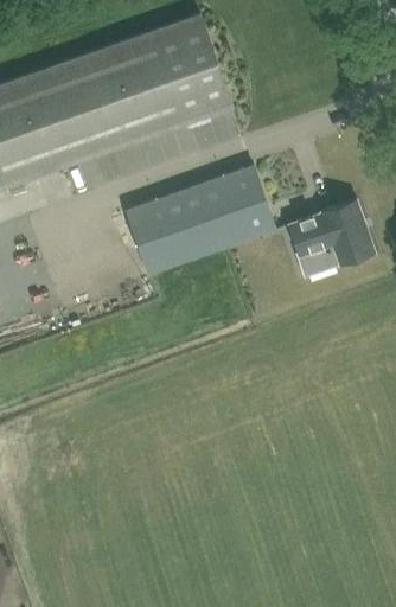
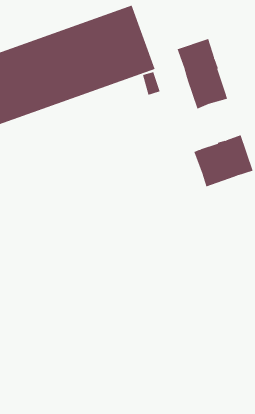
building: none -> [177,38,228,109]
building: [126,166,275,274] -> none

